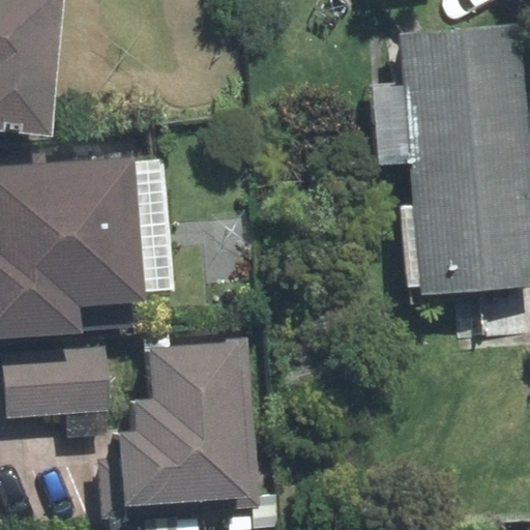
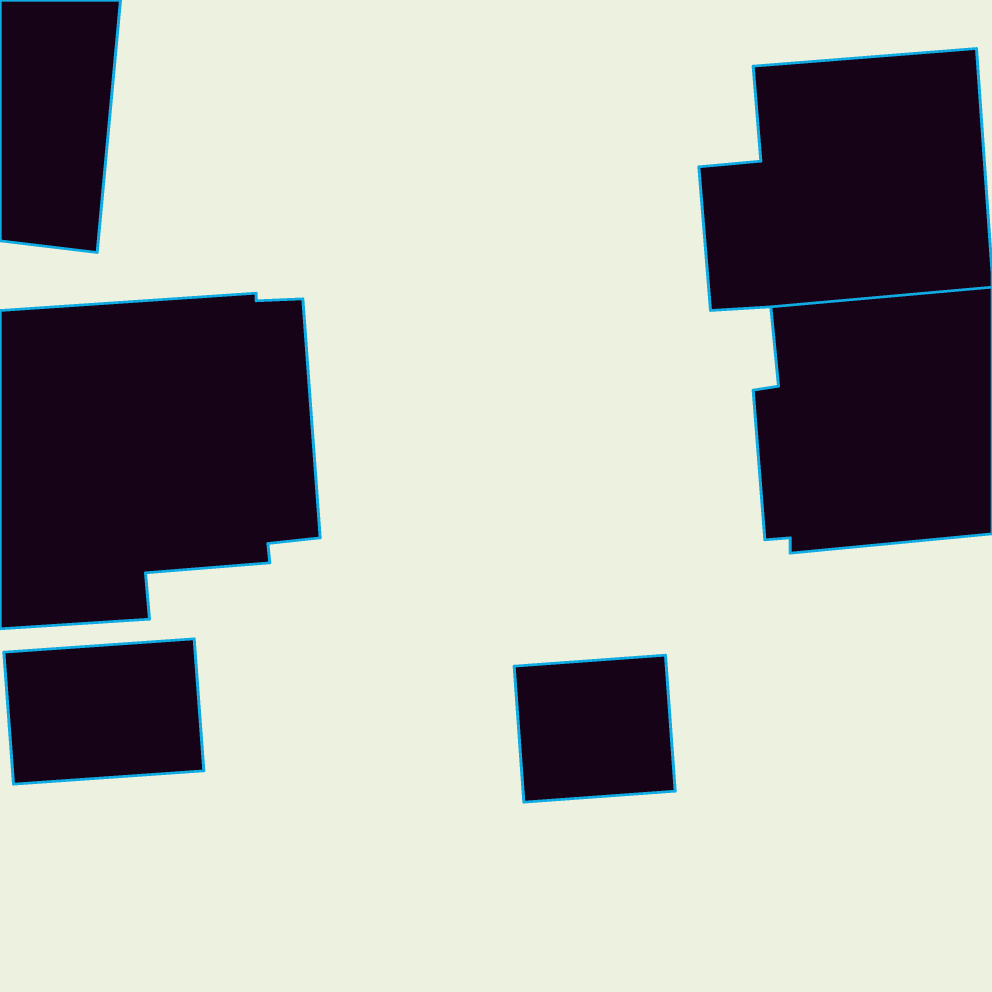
building: [99,340,258,517] -> none
building: none -> [514,655,675,802]

